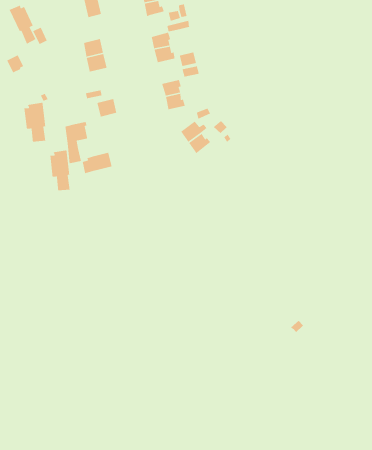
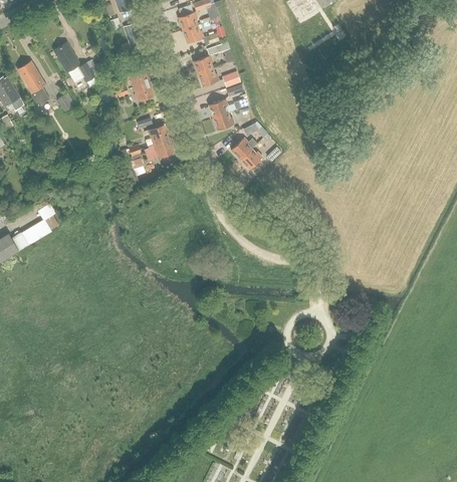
building: [23,102,46,142] -> none
building: [49,149,70,191] -> none
building: [82,152,112,174] -> [144,138,174,162]

